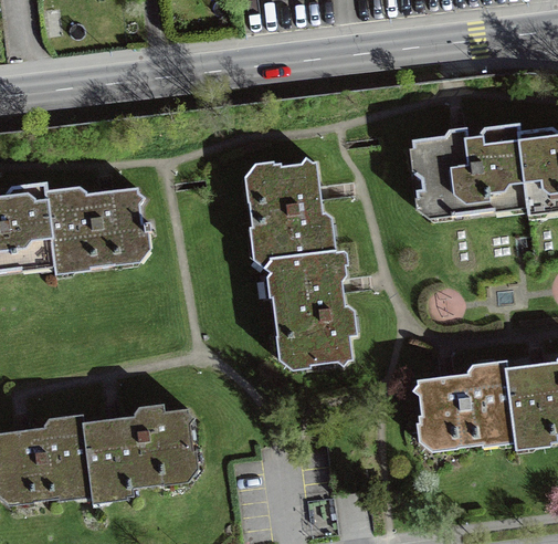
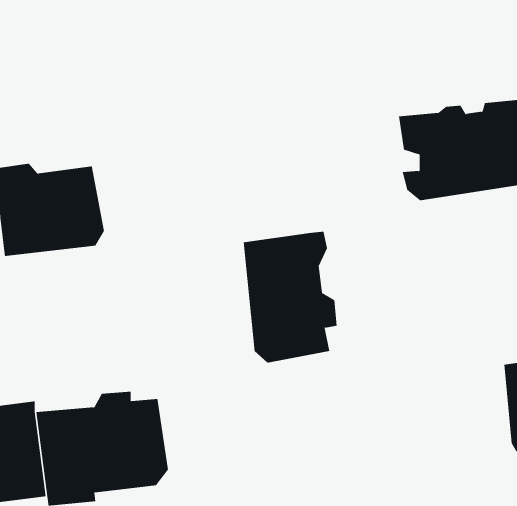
building: [246,161,333,259] -> none
building: [418,359,515,453] -> none

